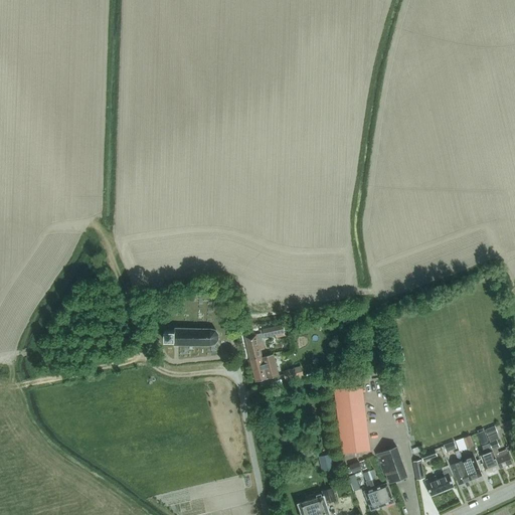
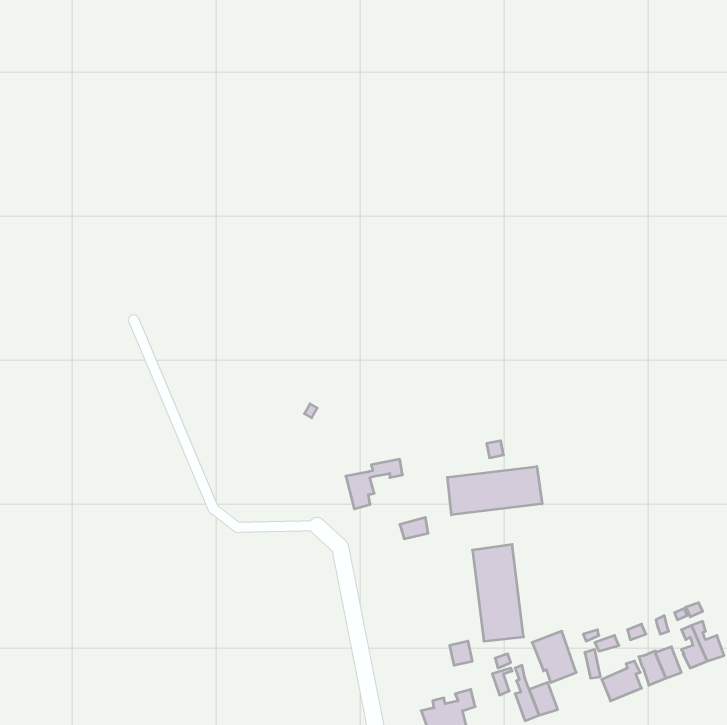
building: [164,329,218,347] -> none
building: none -> [447,466,542,515]
building: [250,355,279,383] -> none

